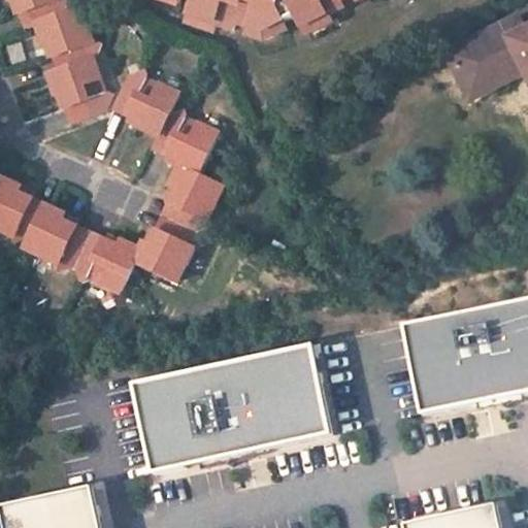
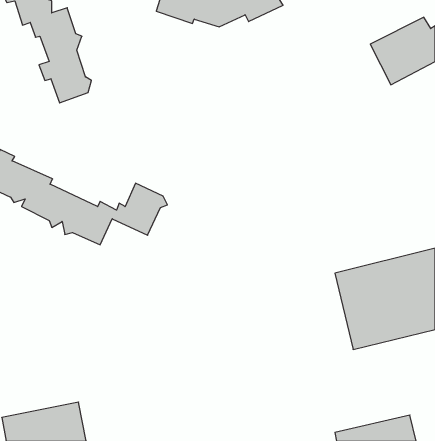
building: [116,72,222,234] -> none
building: [135,345,335,476] -> none

